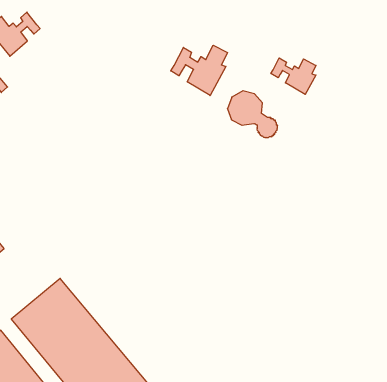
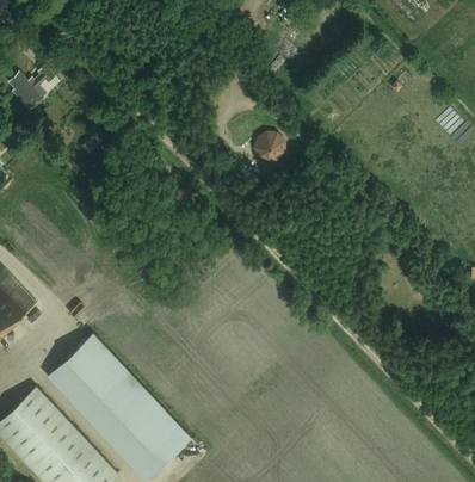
building: [171,45,228,96] -> none
building: [271,58,316,94] -> none

